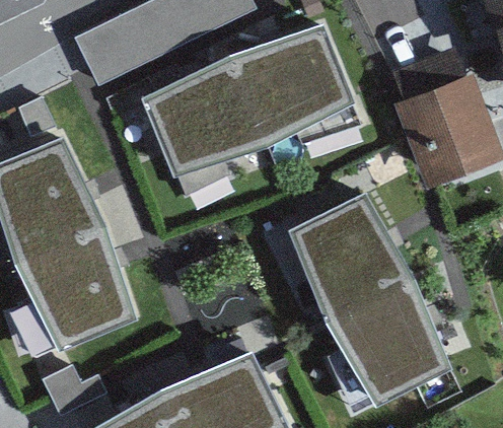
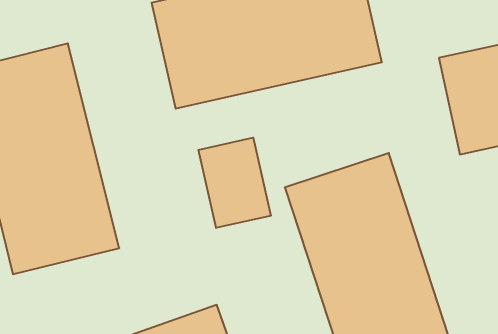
building: none -> [198,138,271,228]

